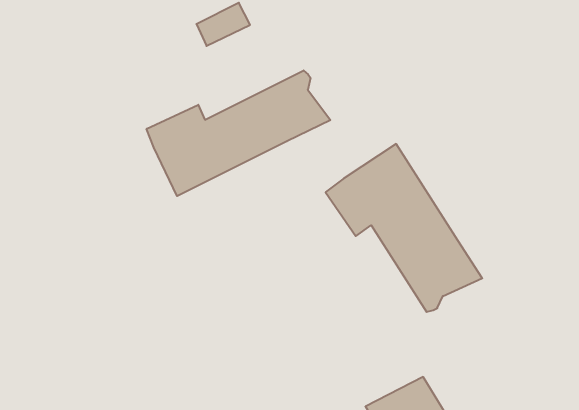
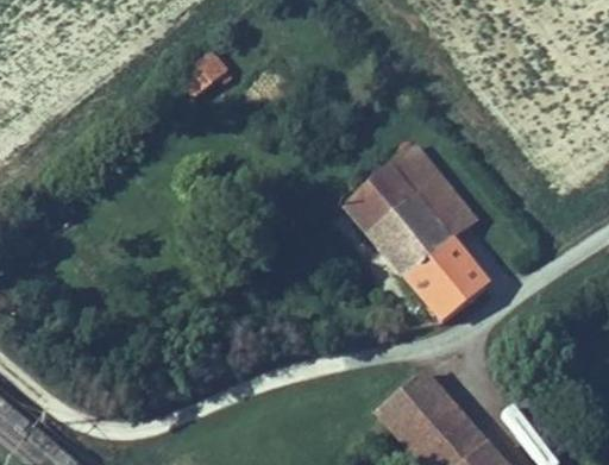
building: [147,70,330,196] -> none
building: none -> [385,144,483,244]

